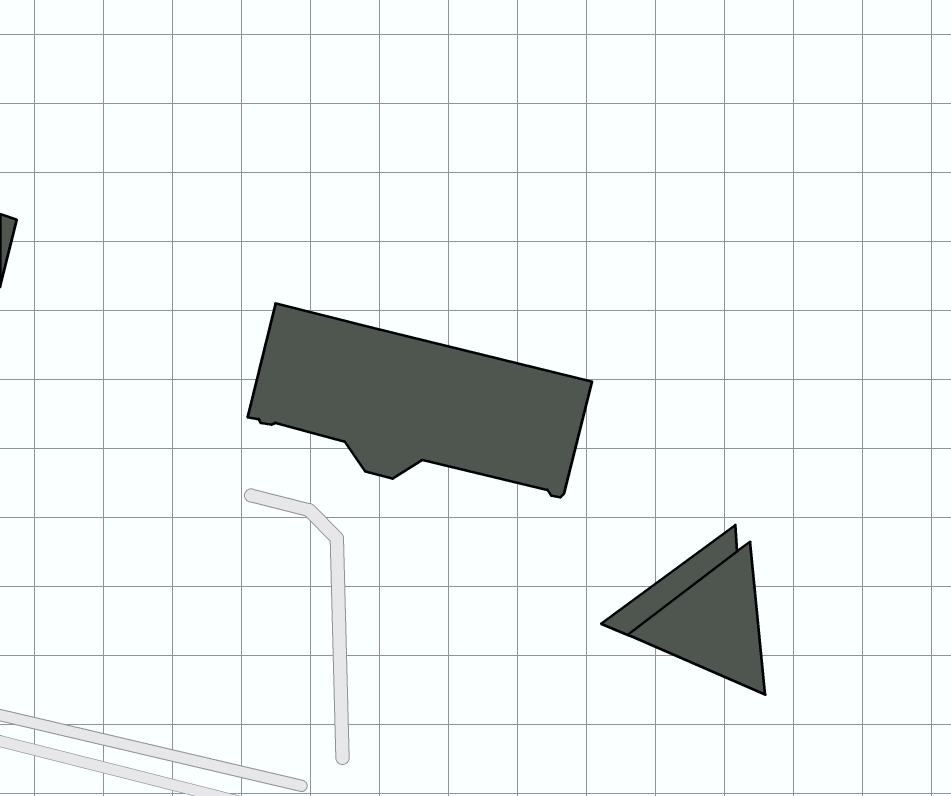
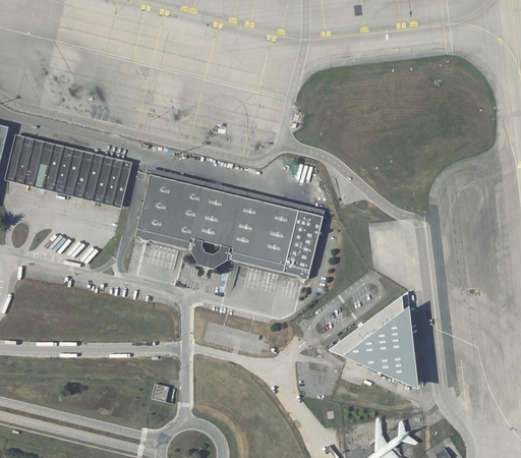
building: none -> [5,134,132,208]

